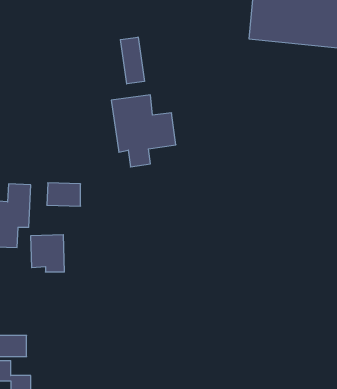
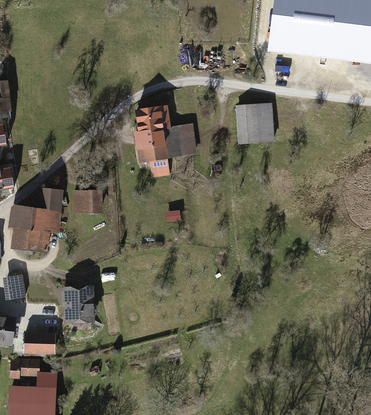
building: [120,37,144,84] -> none
building: none -> [236,104,272,142]
building: [31,235,64,272] -> [64,289,96,324]

